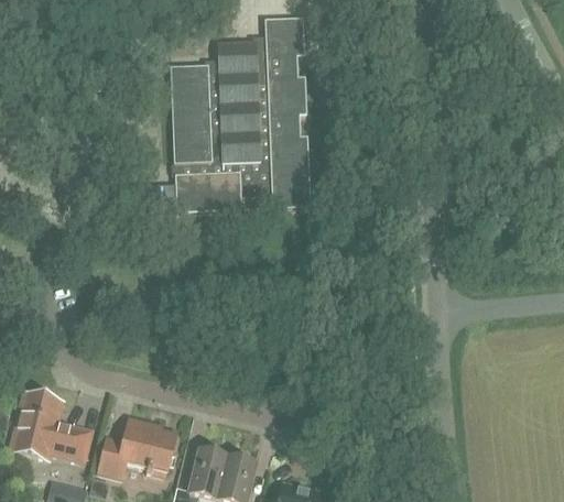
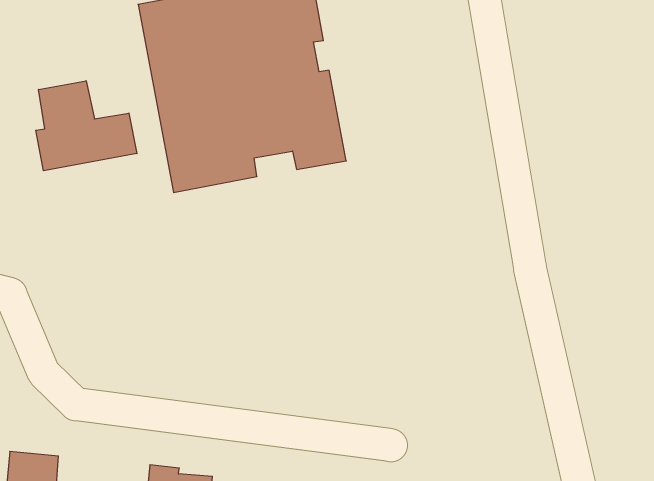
building: none -> [36,81,137,171]

